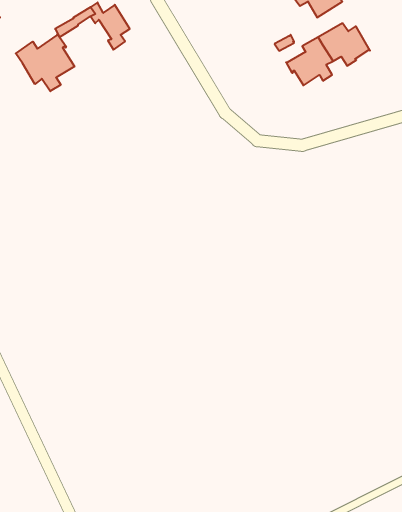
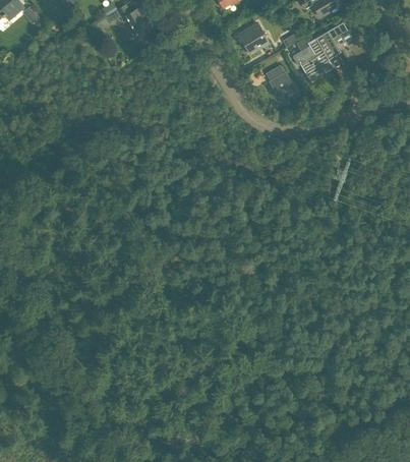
building: none -> [238,22,269,54]
building: [16,34,74,91] -> none
building: none -> [266,64,298,103]

